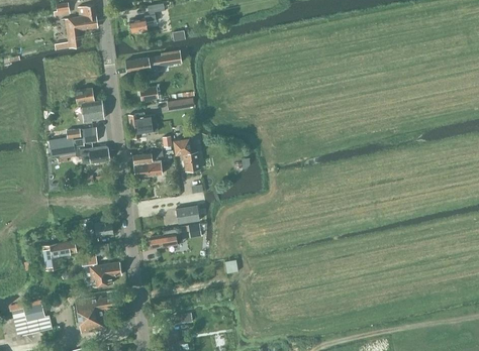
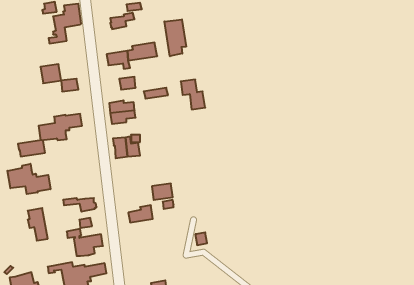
building: none -> [164,19,186,56]
building: [80,101,103,122] -> [40,64,61,83]
building: [172,138,199,171] -> [181,80,205,109]
building: [79,146,109,164] -> [18,140,45,156]
building: none -> [7,164,50,194]

